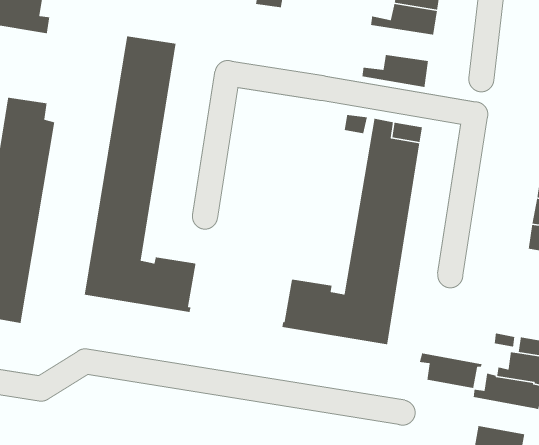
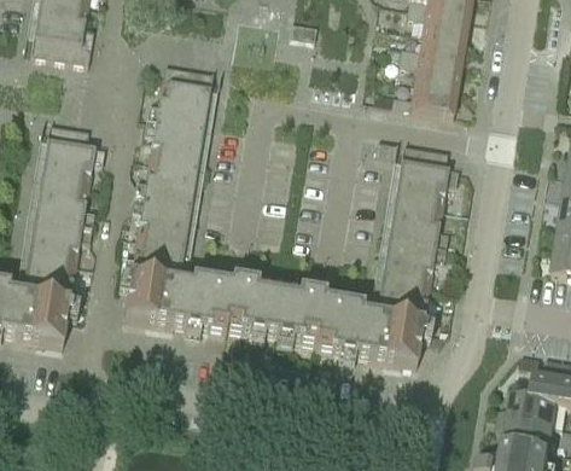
building: none -> [397,54,461,88]
building: none -> [225,278,326,341]
building: [419,353,483,389] -> [496,414,558,449]

